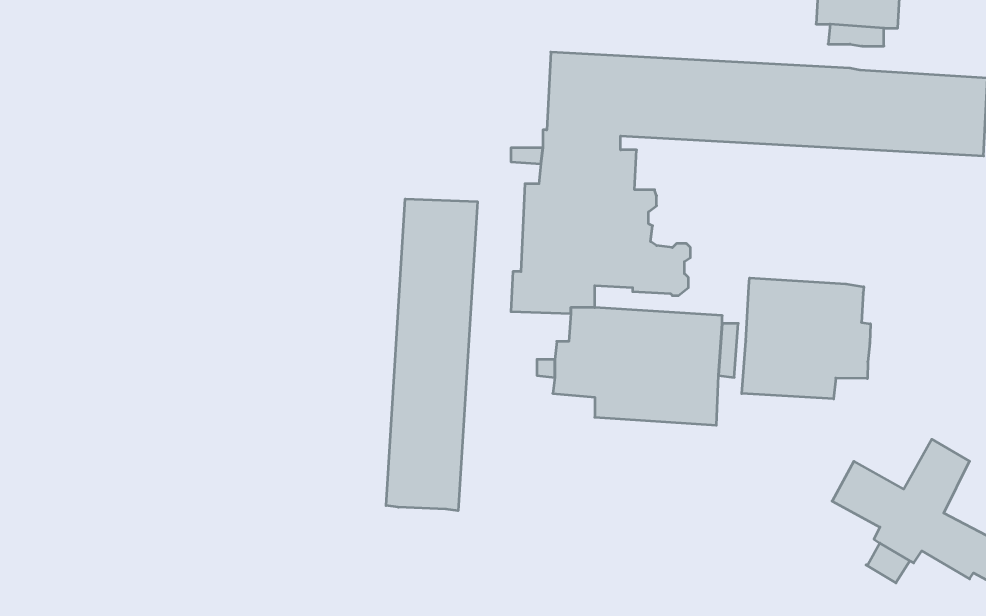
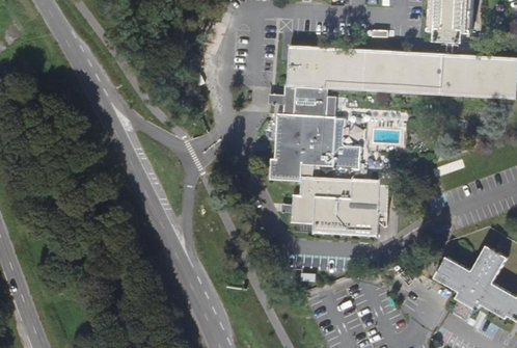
building: [386,199,477,511] -> none
building: [742,278,870,399] -> none

